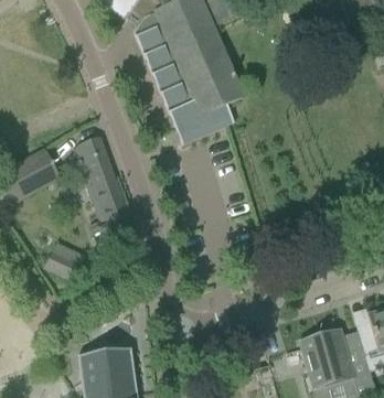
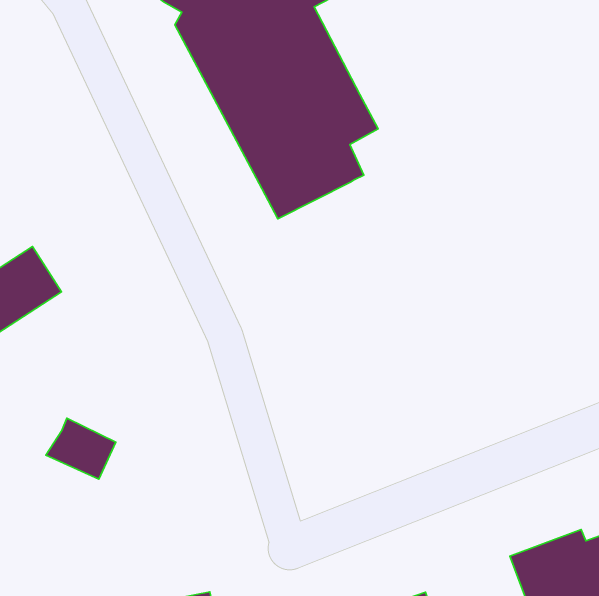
building: [81,135,130,258] -> none

